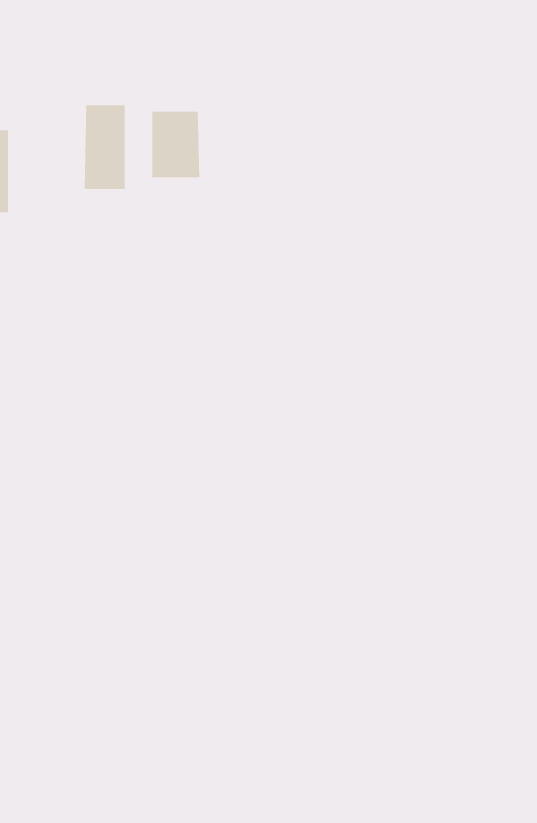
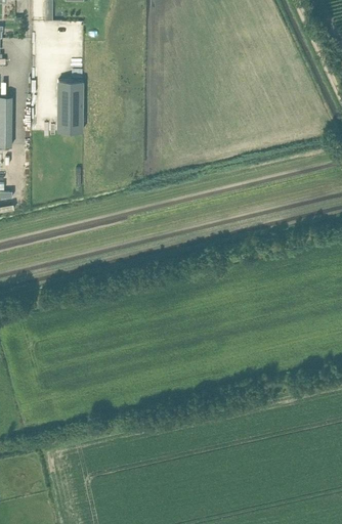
building: [152,111,200,178] -> none

